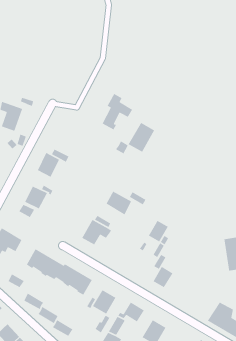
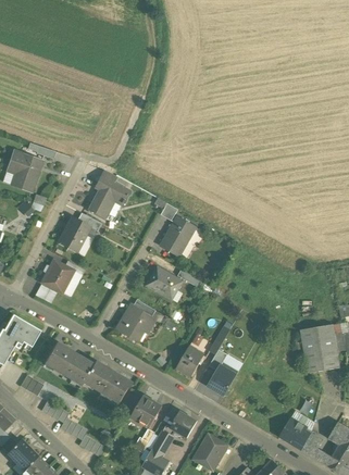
building: [101,93,133,130] -> [88,168,129,217]
building: [128,122,155,153] -> [161,215,197,255]
building: [148,220,169,242] -> [176,346,203,375]

